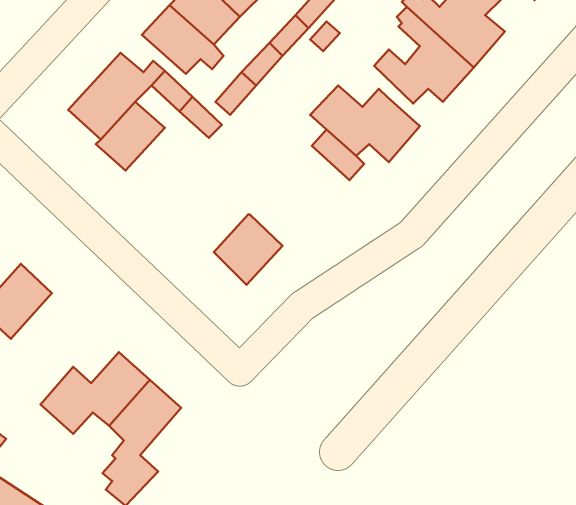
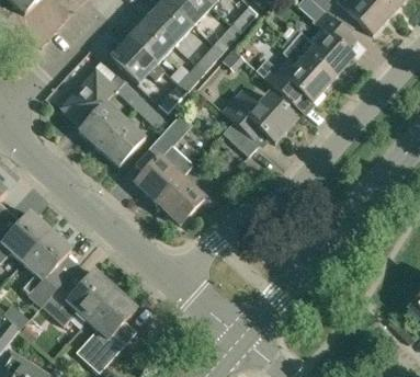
building: none -> [135,118,192,203]
building: none -> [99,119,146,167]
building: none -> [22,230,71,305]

